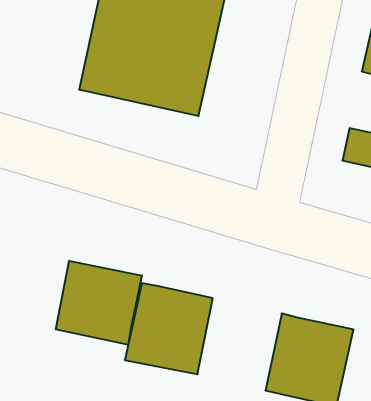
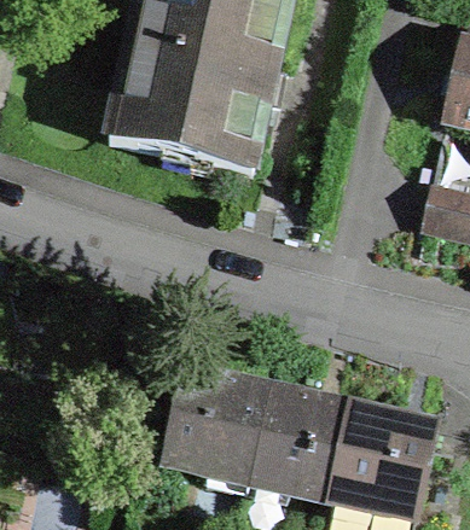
building: [56,261,142,345] -> none
building: none -> [249,390,349,500]

